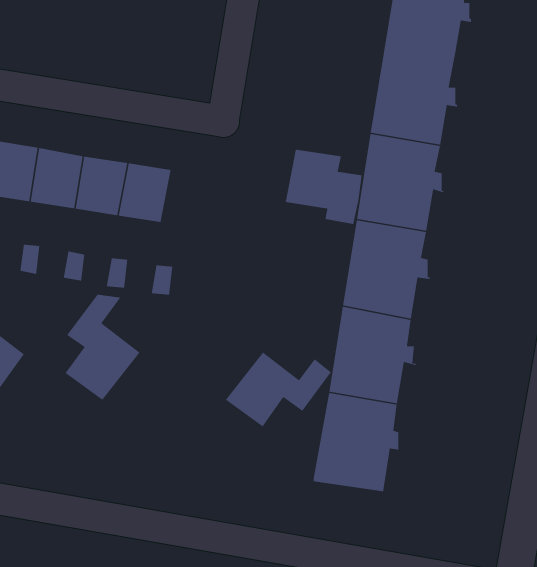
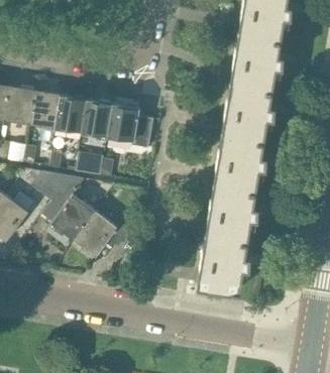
building: [285,149,363,225] -> [109,104,154,148]
building: none -> [33,171,72,201]
building: [225,351,332,427] -> [75,211,137,255]

